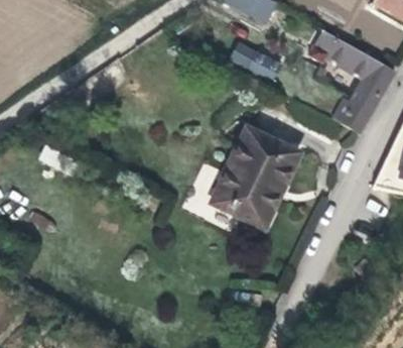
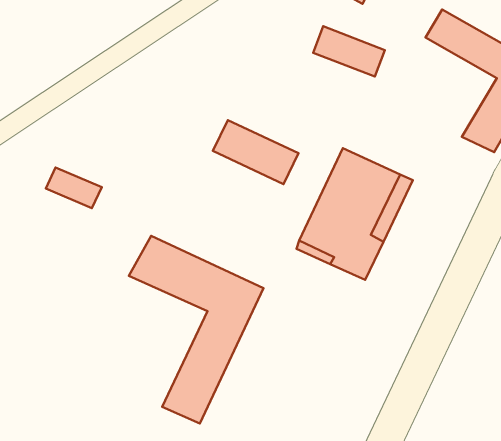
building: none -> [213,120,299,184]
building: none -> [129,236,264,424]

